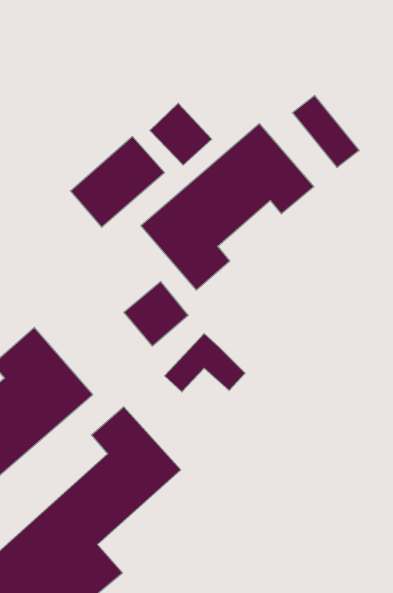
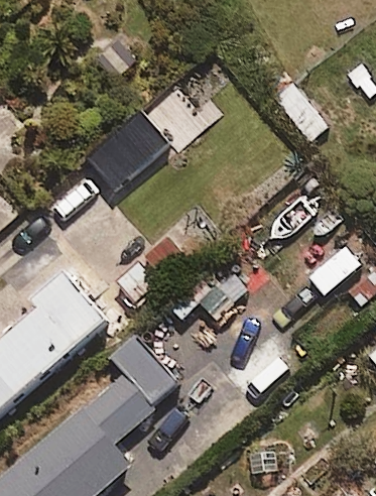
building: [141,124,314,290] -> none

